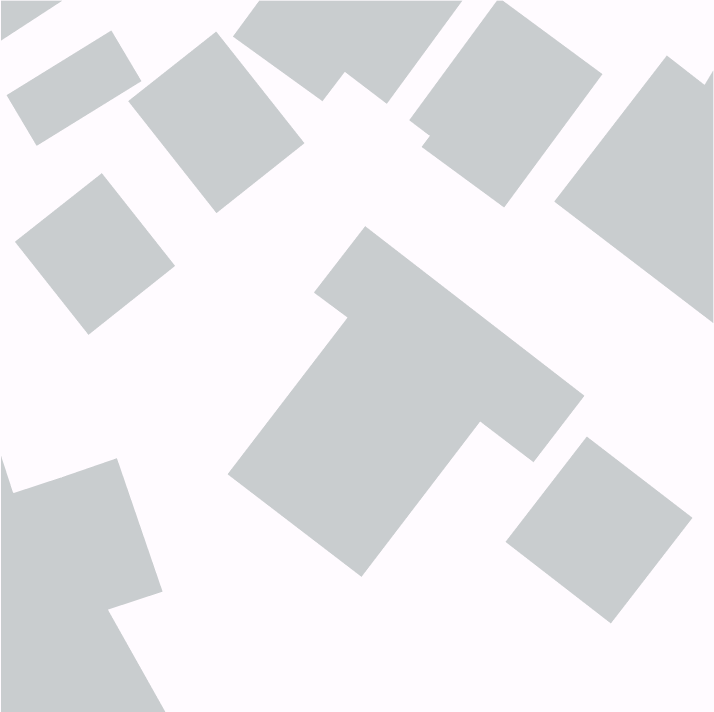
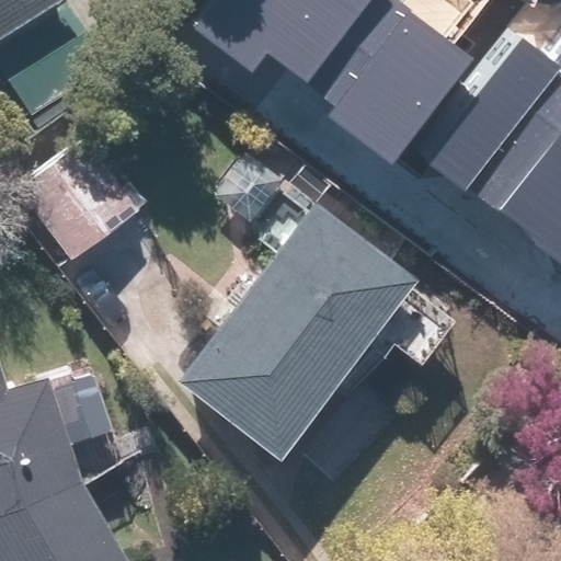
building: [127,30,305,214] -> none
building: [504,435,693,624] -> none

